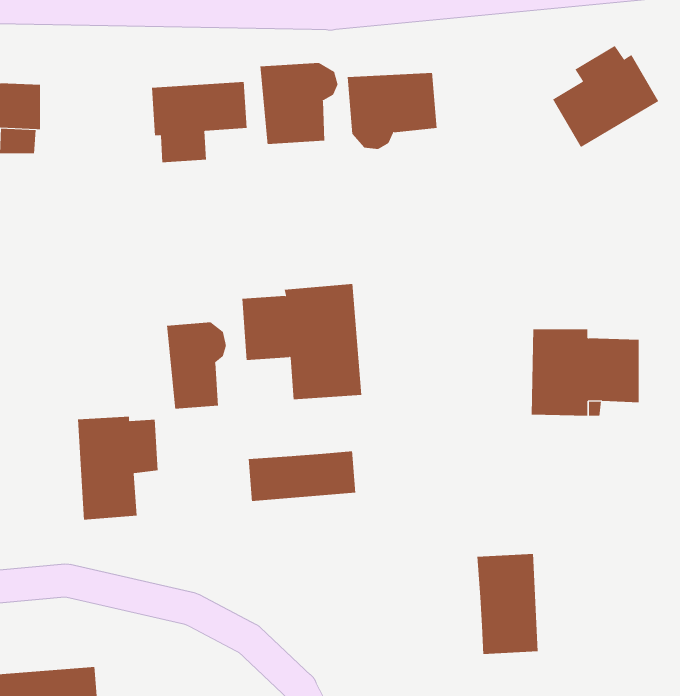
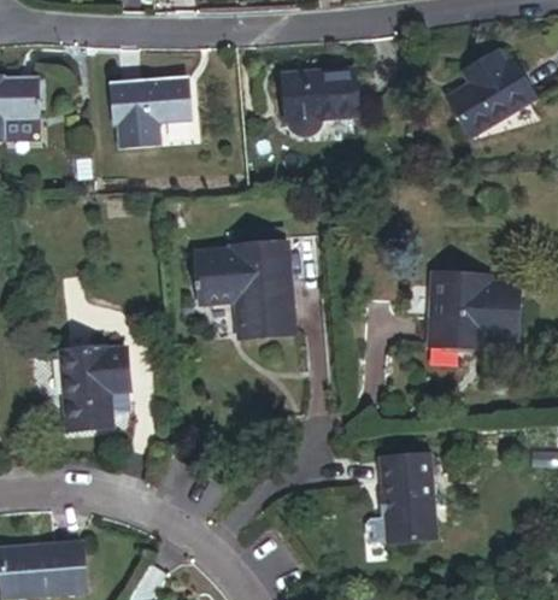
building: [260,62,338,145] -> none
building: [166,321,226,410] -> none
building: [248,451,356,502] -> none

